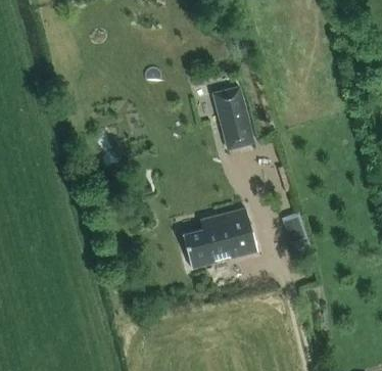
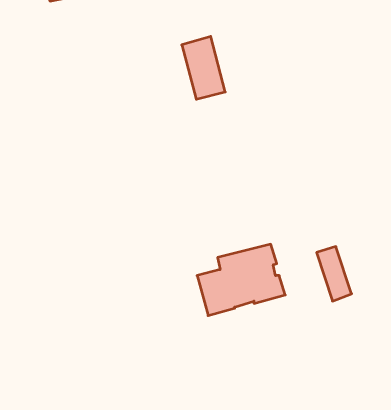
building: [216,94,252,147] -> [182,36,225,99]

